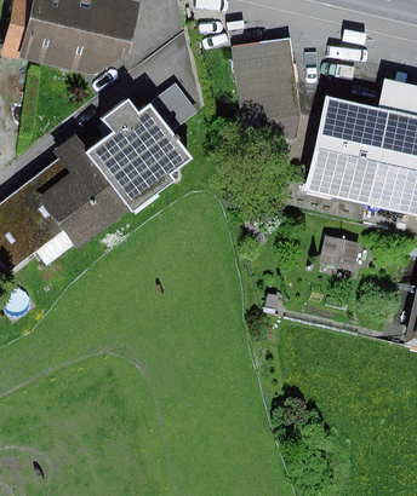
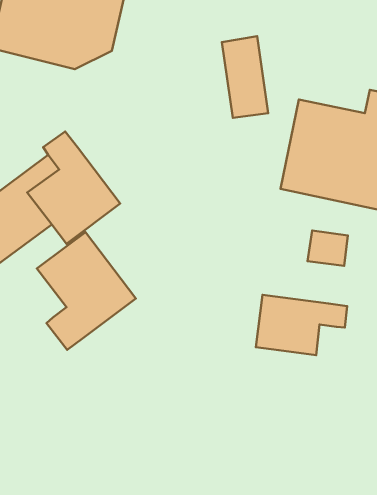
building: [93,96,198,210] -> none
building: none -> [37,232,136,350]
building: none -> [256,295,347,355]

